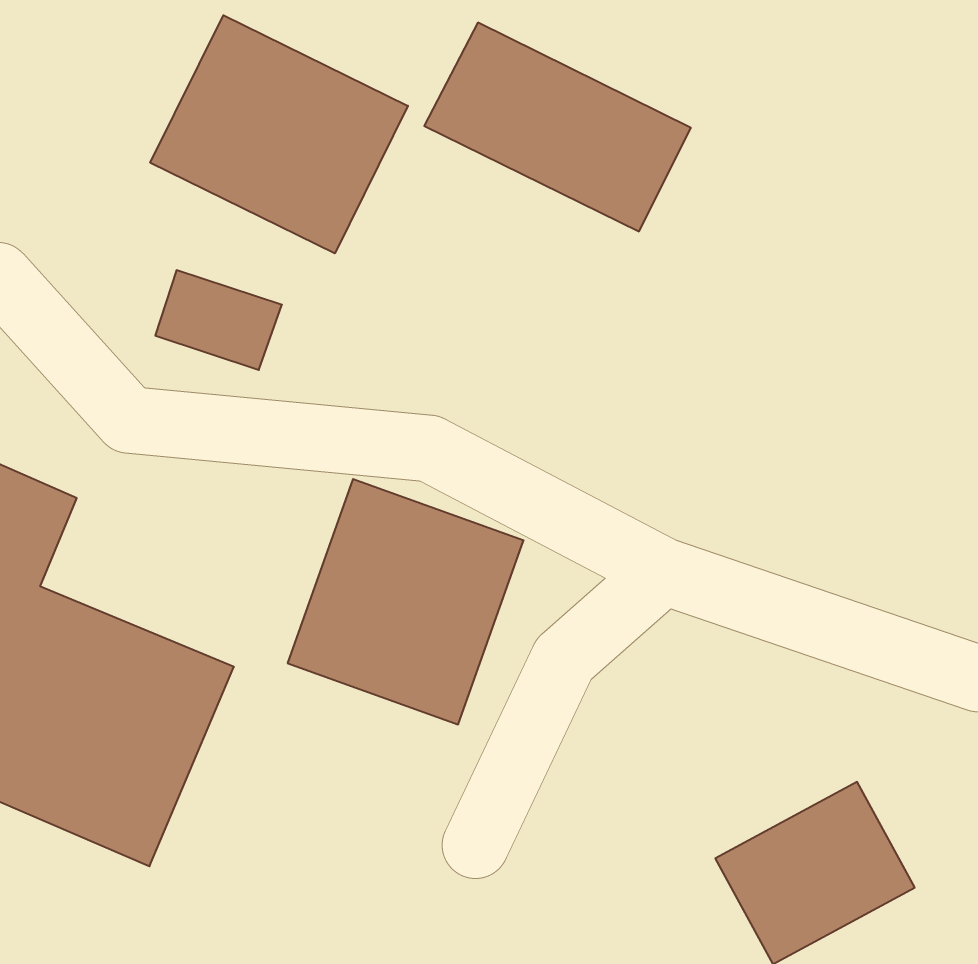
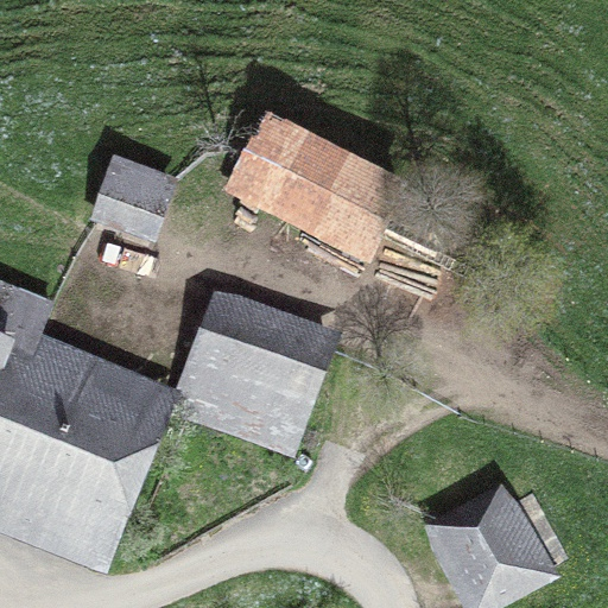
building: [150,15,408,253] -> none
building: [424,23,691,231] -> [233,116,398,246]

